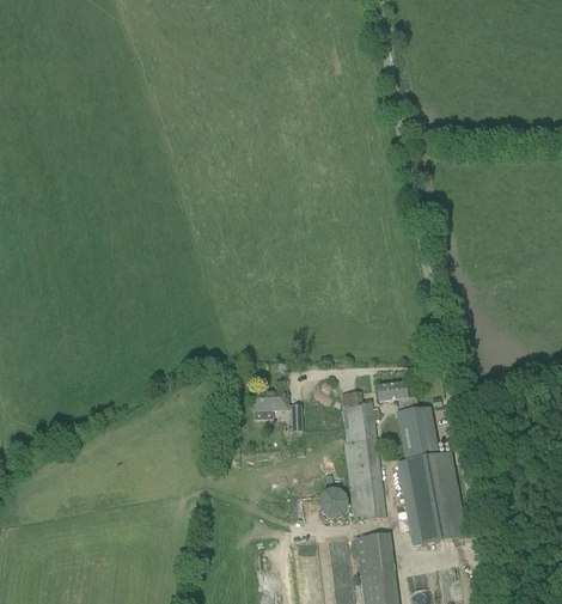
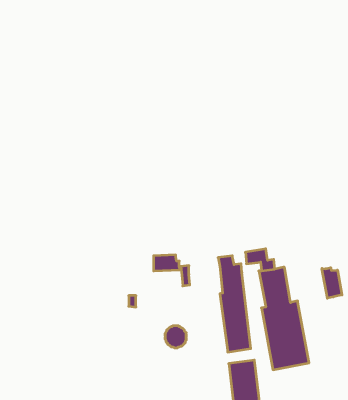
building: none -> [322,268,342,298]
building: [319,487,348,517] -> [165,326,186,348]

